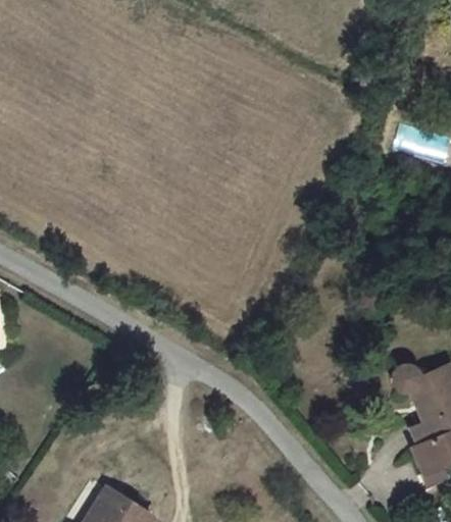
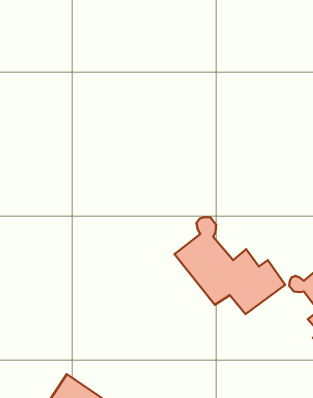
building: none -> [174,217,285,314]

